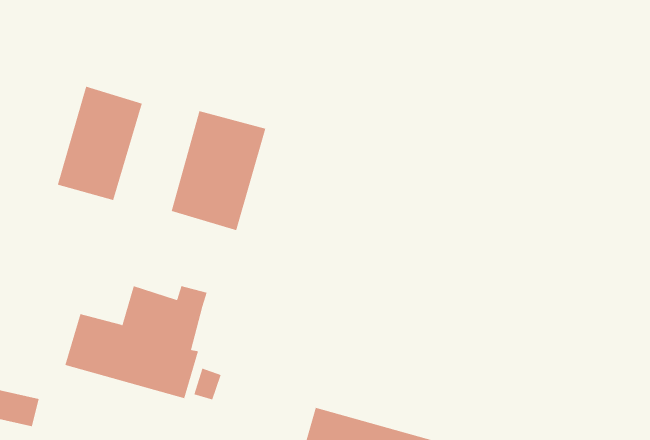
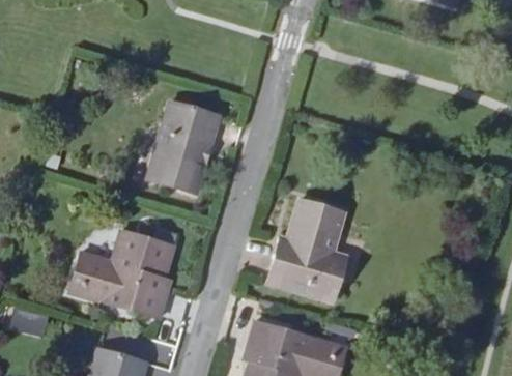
building: [57,86,142,201] -> none
building: none -> [268,201,346,301]

